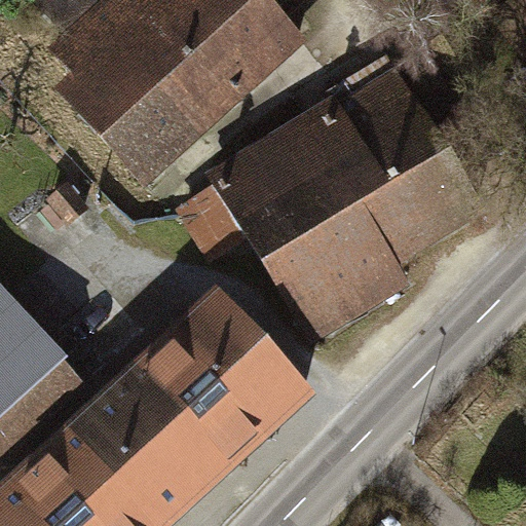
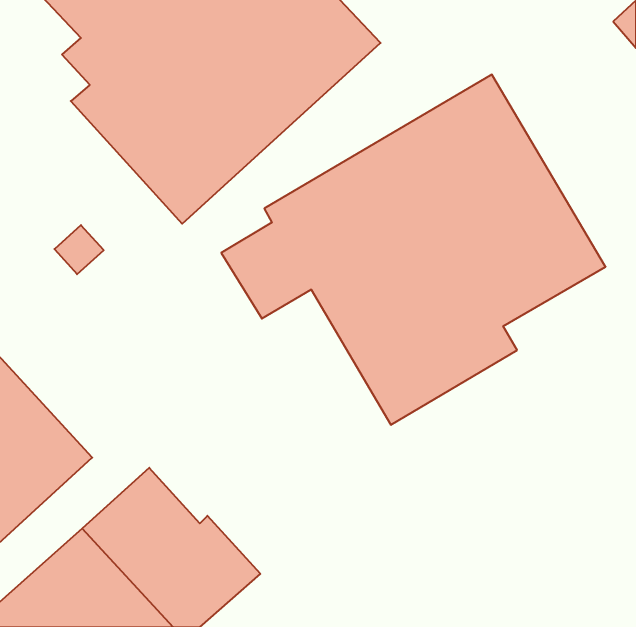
building: [121,293,301,466] -> none

